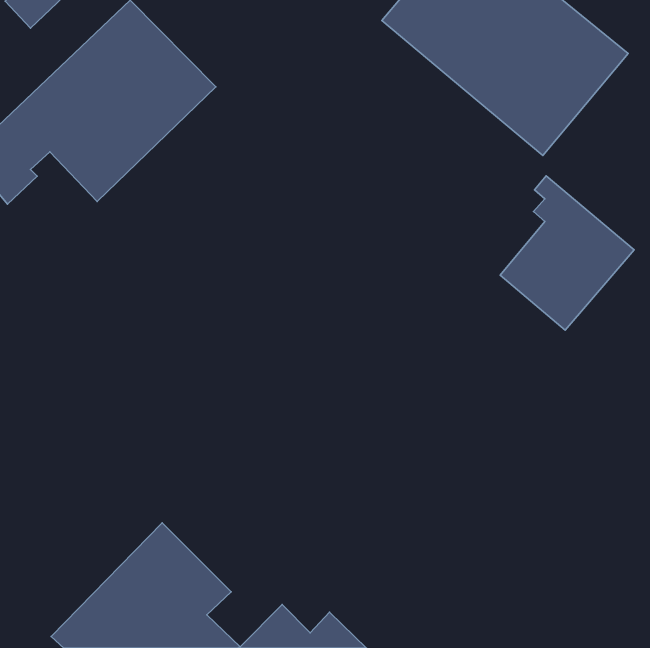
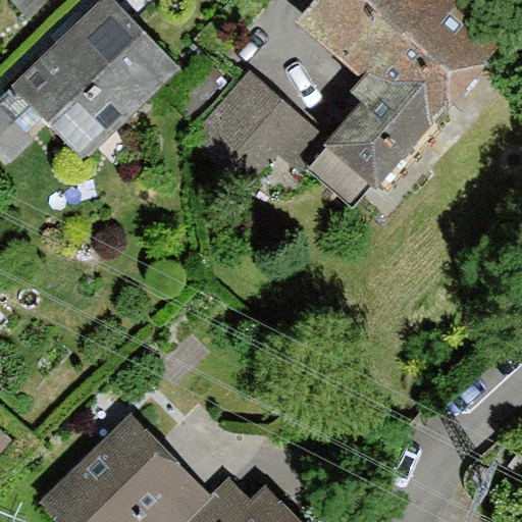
building: none -> [187,69,299,182]
building: [500,176,634,330] -> [326,65,433,189]

